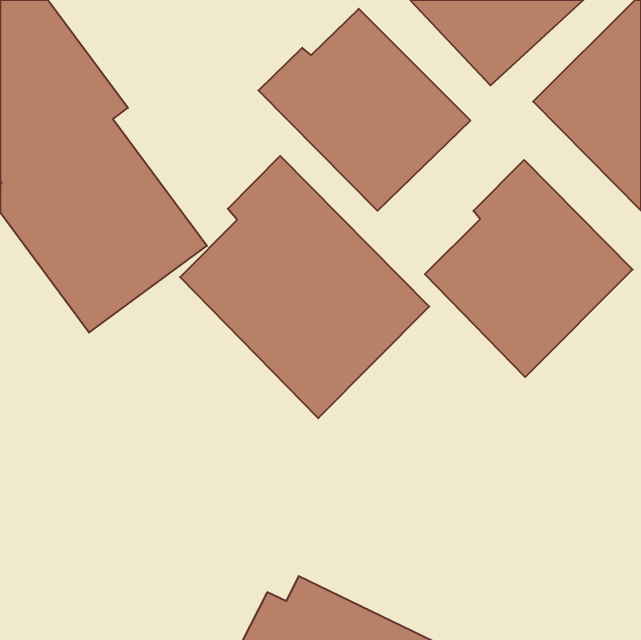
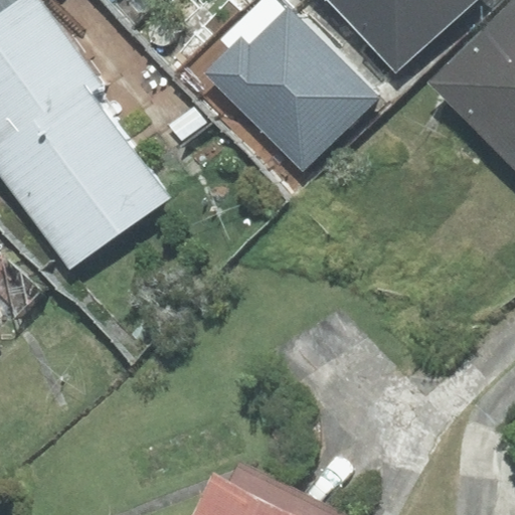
building: [180,156,429,418] -> none
building: [425,160,633,377] -> none

